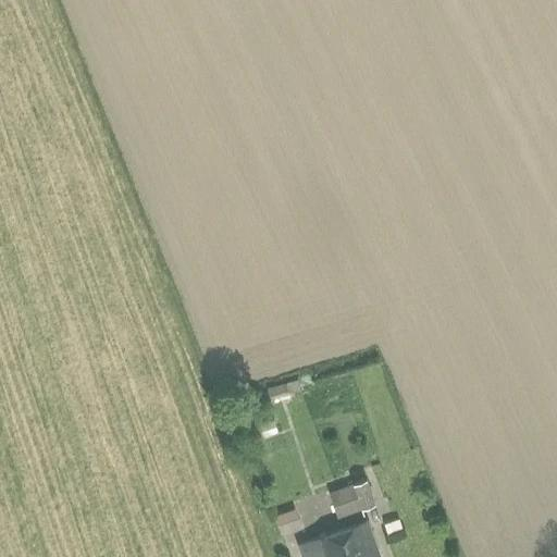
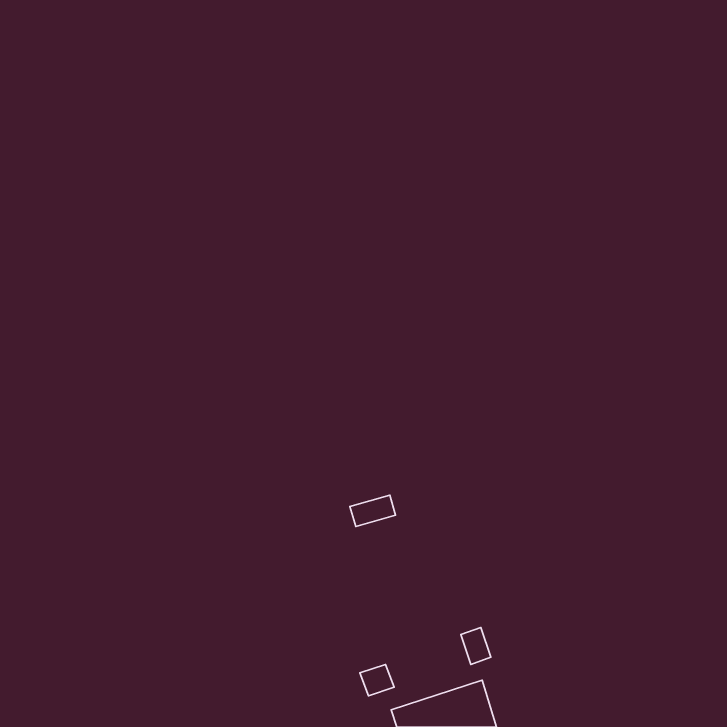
building: [330,485,361,519] -> none

